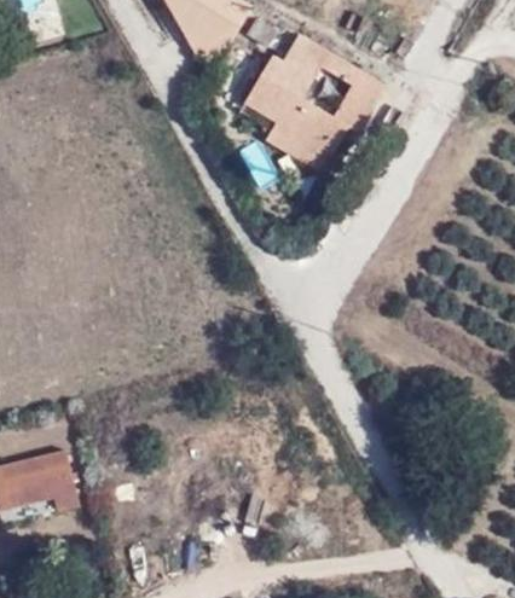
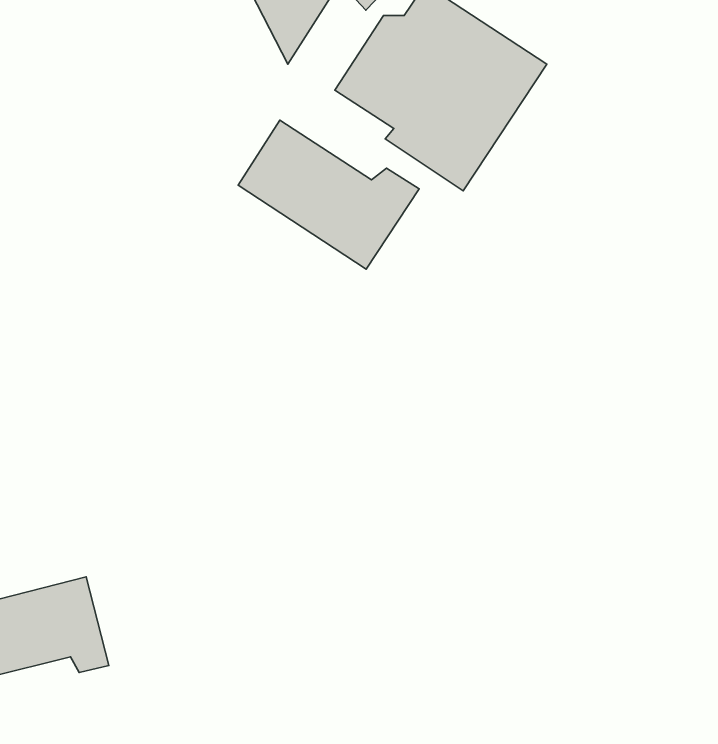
building: none -> [238,120,419,269]

